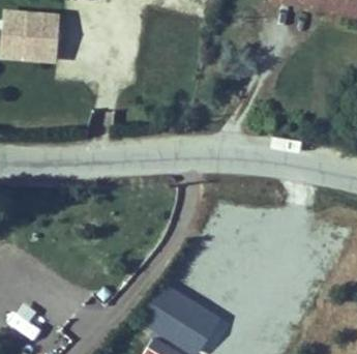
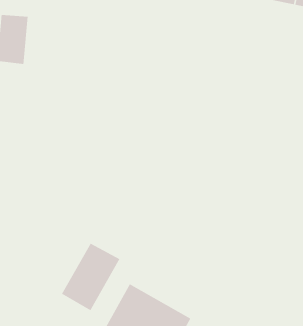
building: none -> [61,243,120,311]

